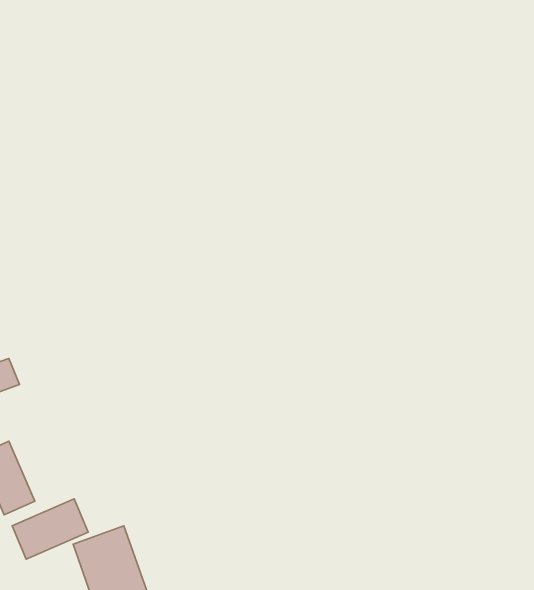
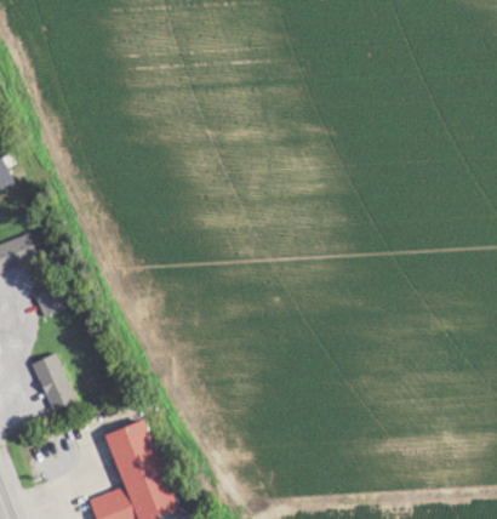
building: [12,499,88,559] -> none

